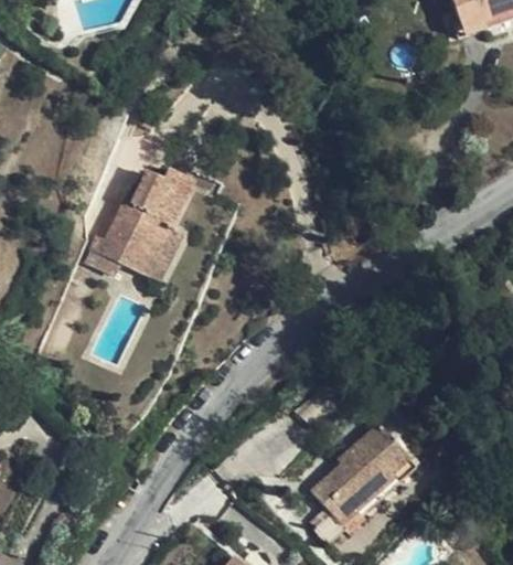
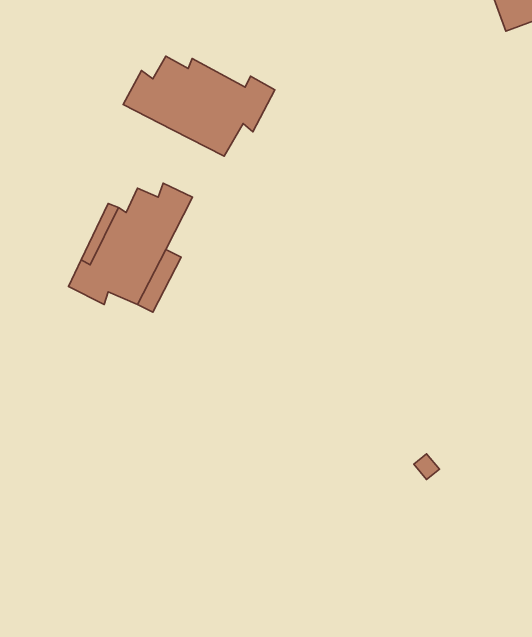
building: none -> [123,56,275,156]
building: [313,425,410,525] -> none

